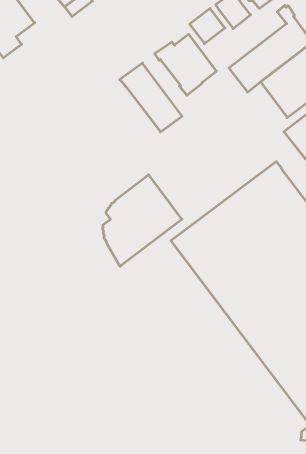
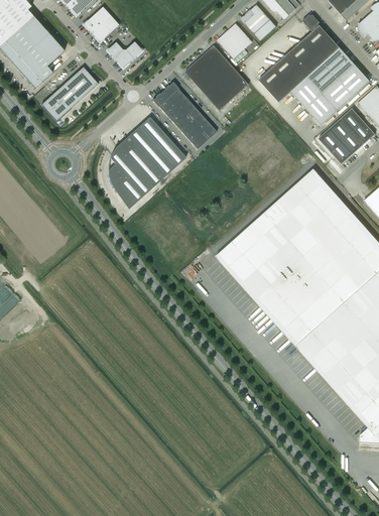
building: none -> [107,41,142,68]
building: none -> [41,67,98,120]
building: [103,175,182,266] -> [108,116,185,209]

